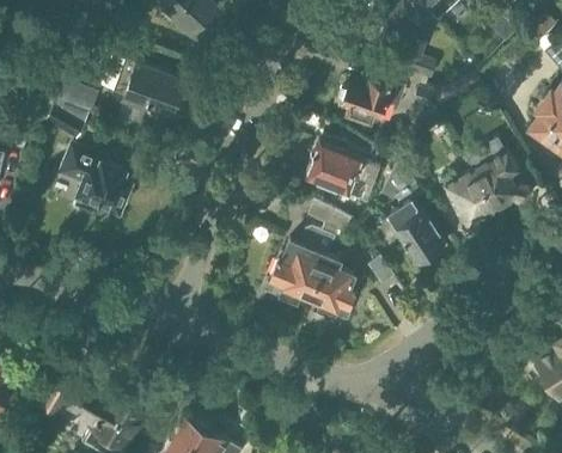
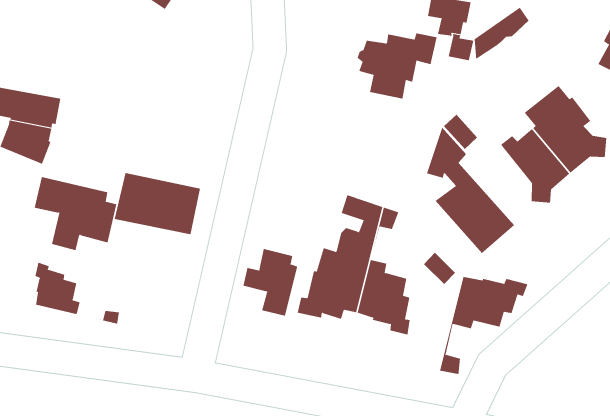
building: [112,59,185,116] -> [114,173,201,235]
building: [307,145,381,203] -> none
building: none -> [35,262,120,325]
building: none -> [243,248,298,317]
building: none -> [440,276,528,375]

